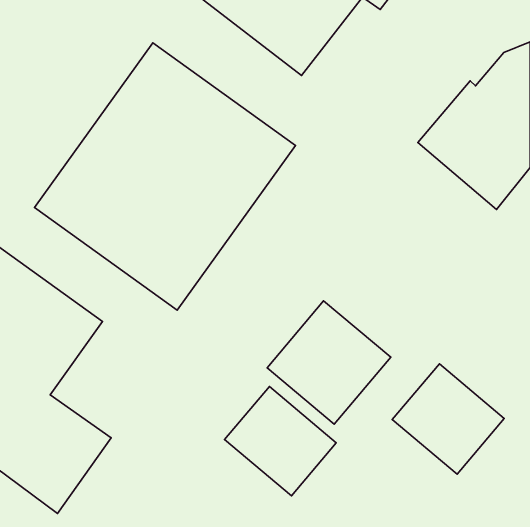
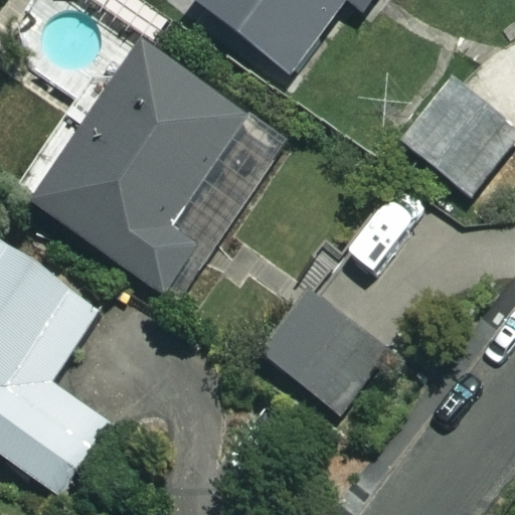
building: [392,364,504,474] -> none
building: [225,386,336,496] -> none

